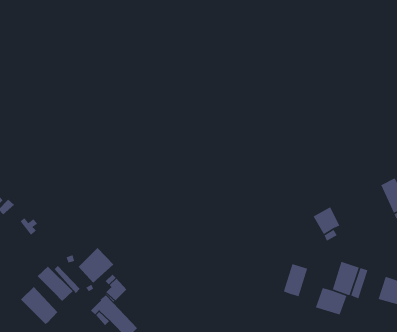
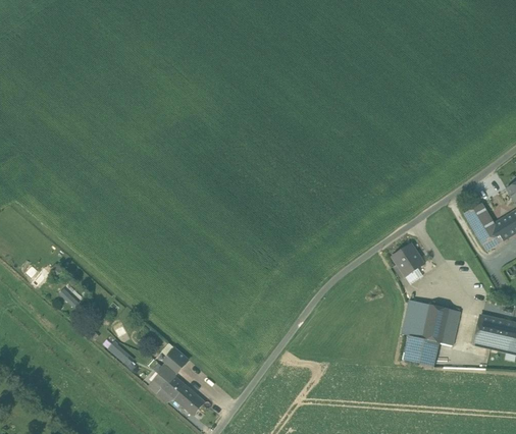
building: [78,247,114,284] -> none
building: [283,263,308,297] -> [402,300,428,337]
building: [37,266,73,302] -> none
building: [20,286,58,325] -> none

